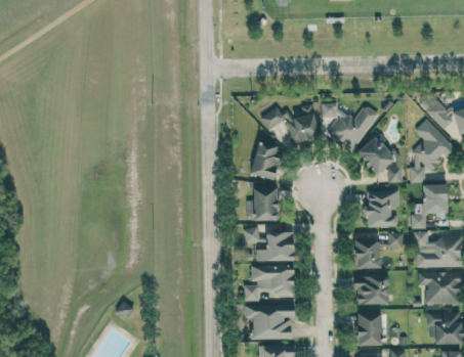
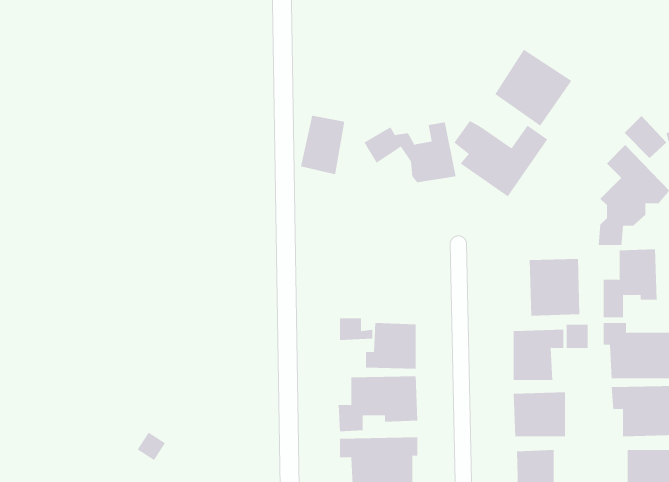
building: none -> [494,49,572,127]
building: [251,142,280,180] -> [300,115,345,175]
building: [362,143,403,183] -> none
building: [247,185,280,221] -> none

